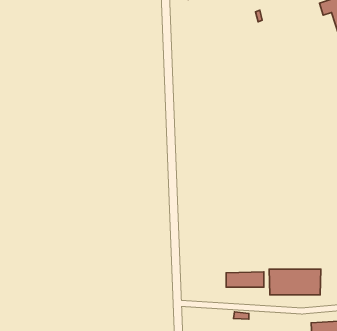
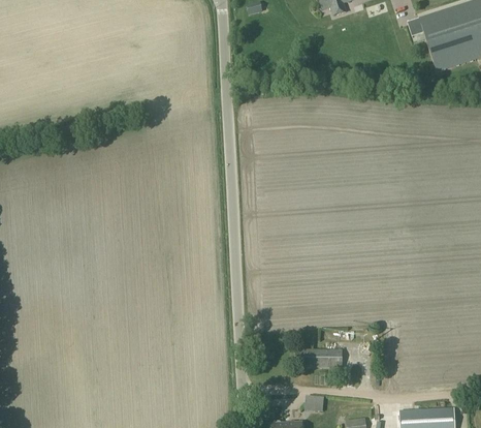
building: [269,269,321,295] -> none

